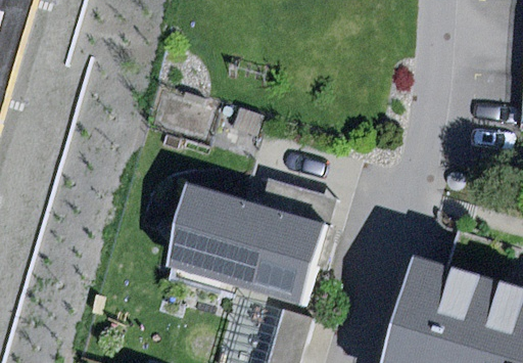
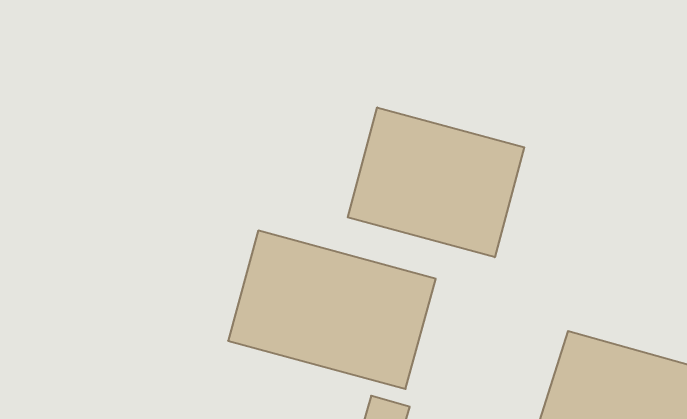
building: none -> [348,107,524,257]

